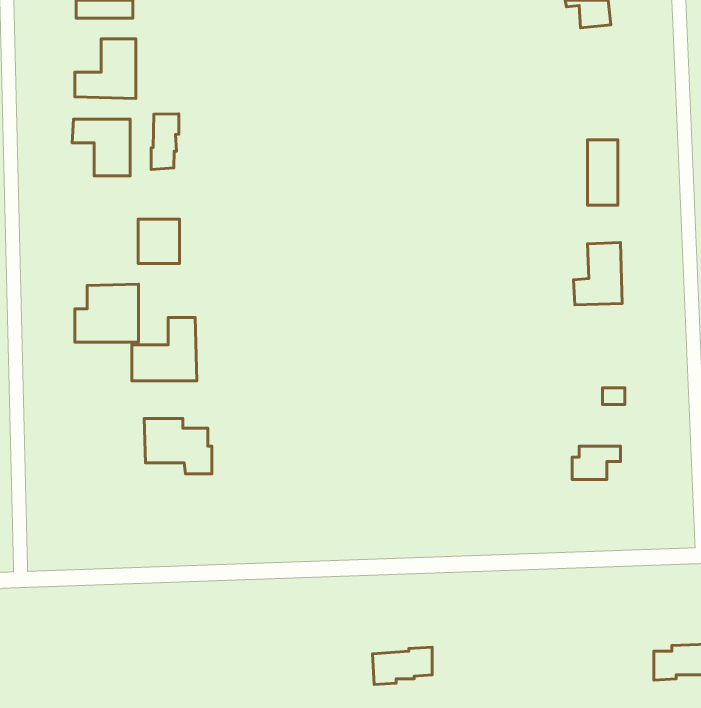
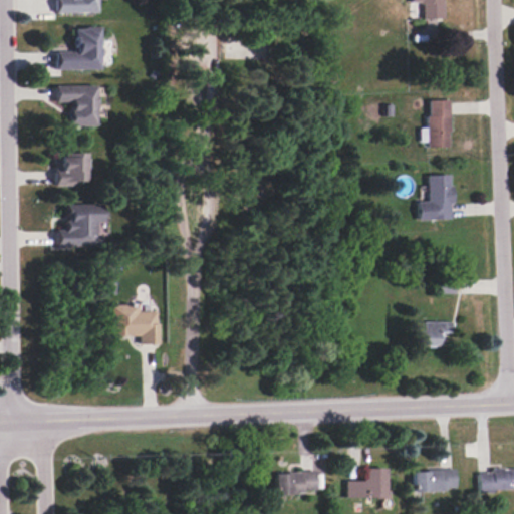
building: [151,114,179,170] -> none
building: [138,219,180,263] -> [58,154,88,186]
building: [132,317,197,381] -> none
building: none -> [346,468,387,497]
building: none -> [414,469,457,491]

